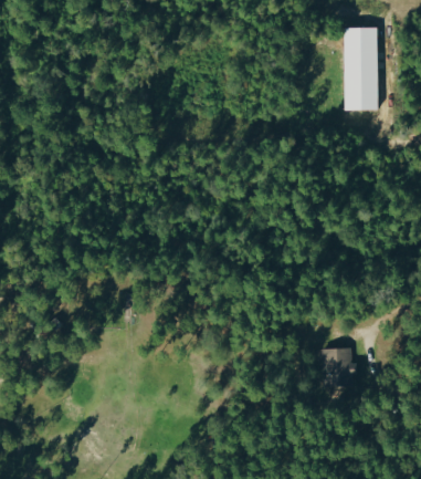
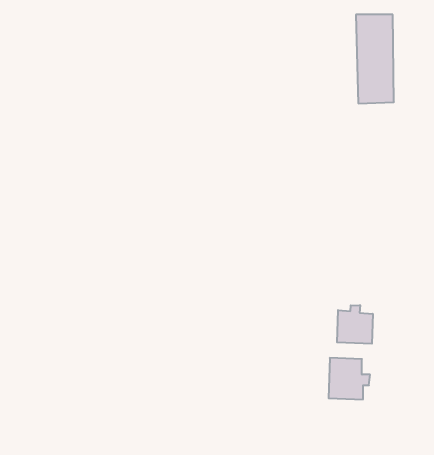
building: none -> [337,305,373,344]

